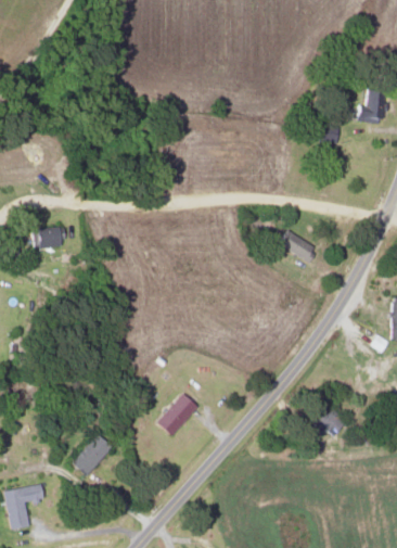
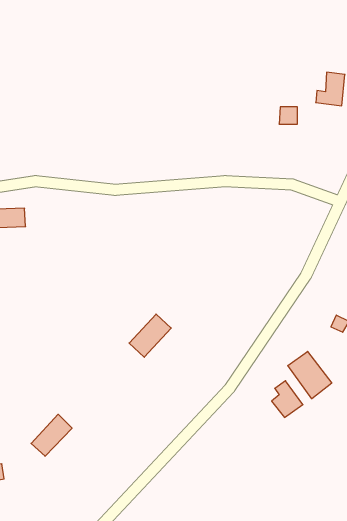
building: [278,230,316,260] -> none
building: none -> [288,351,332,399]
building: [155,393,197,436] -> [129,314,171,357]

